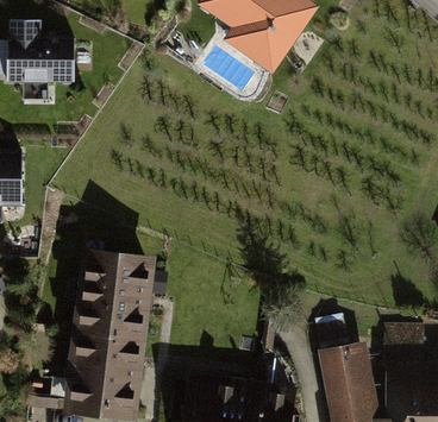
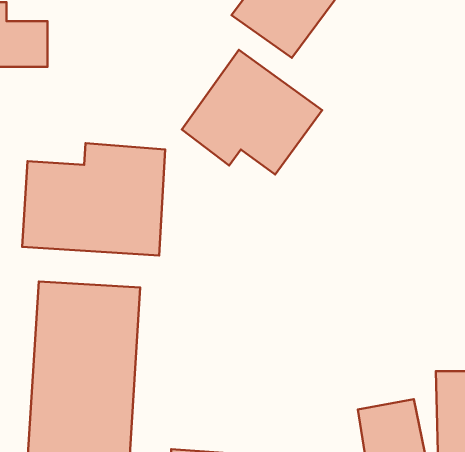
building: none -> [182,50,322,175]
building: none -> [22,143,165,255]

